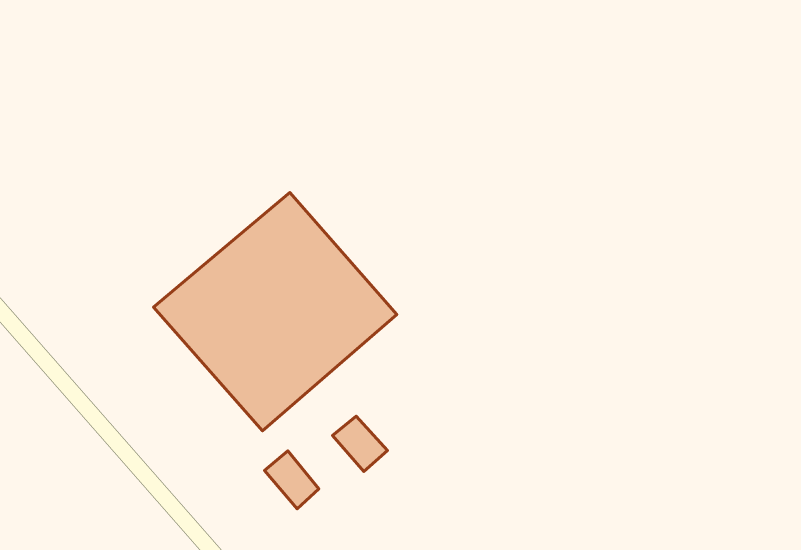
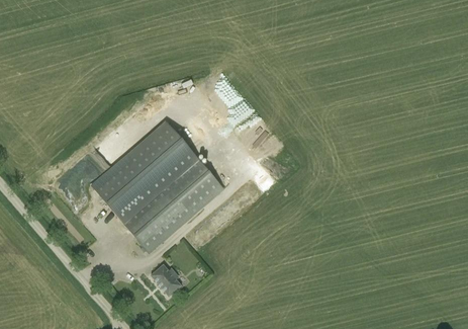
building: [333,416,388,472] -> none

